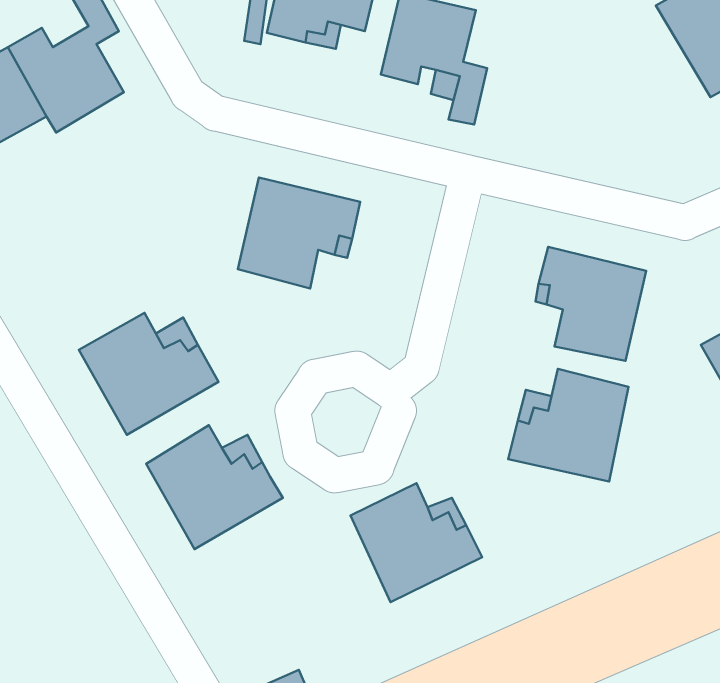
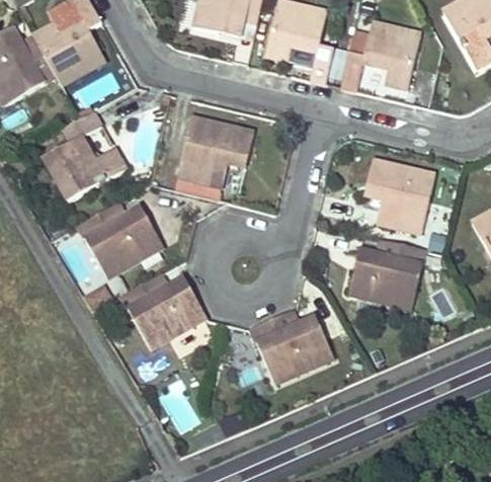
building: none -> [342,22,422,90]
building: none -> [46,111,127,205]

